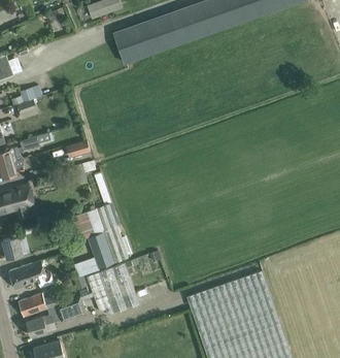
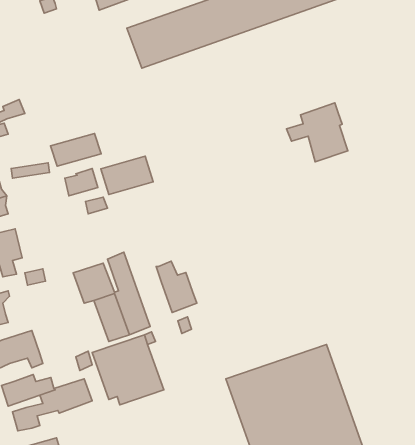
building: none -> [286,103,348,162]
building: none -> [51,133,101,166]
building: none -> [101,156,153,194]
building: none -> [156,261,197,312]

